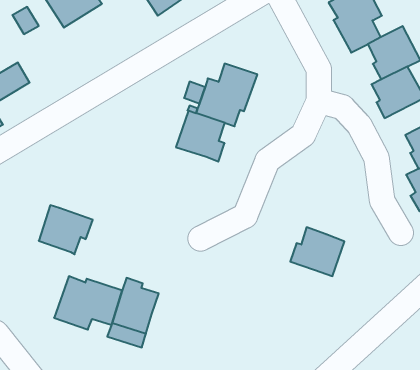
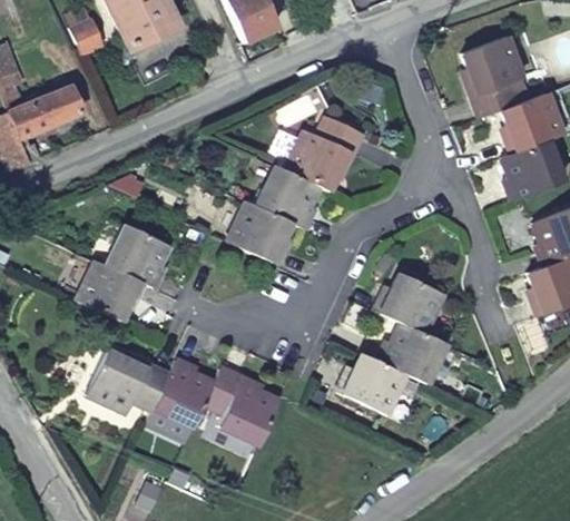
building: none -> [227,201,289,263]
building: none -> [106,224,169,286]
building: none -> [376,273,442,333]
building: none -> [337,354,404,414]
building: none -> [203,366,278,444]

